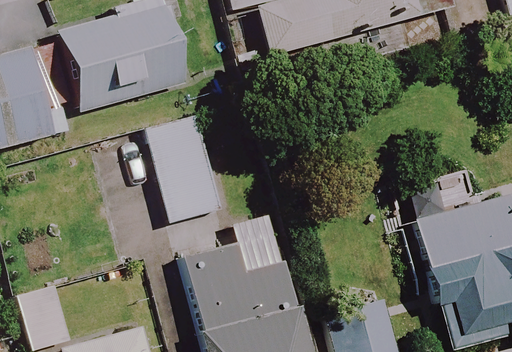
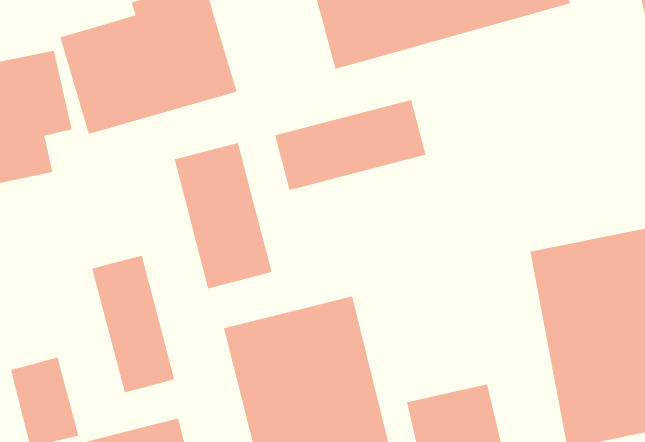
building: none -> [275,99,426,191]
building: none -> [92,255,175,393]

